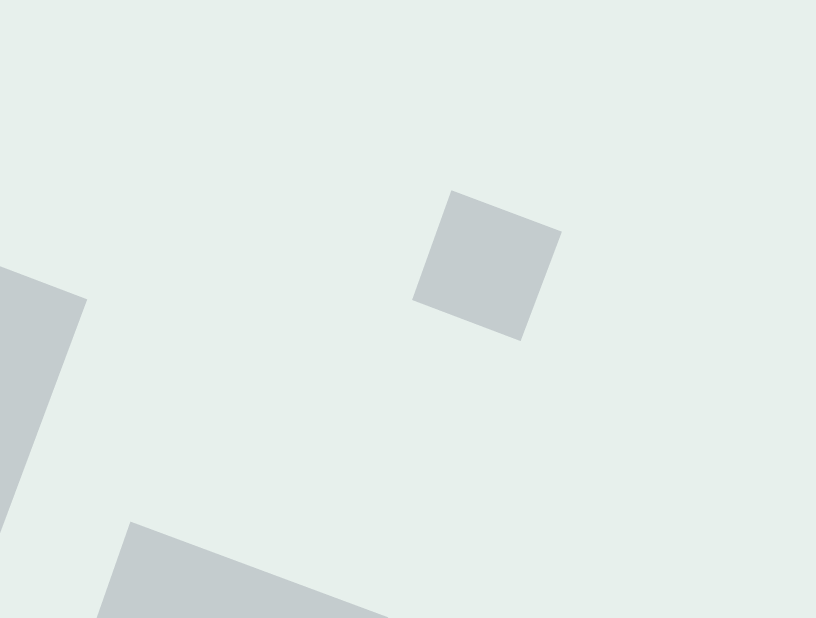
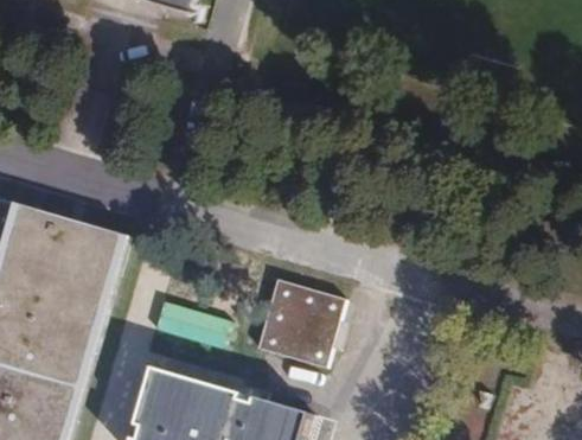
building: [411,190,563,342] -> [251,279,339,366]

